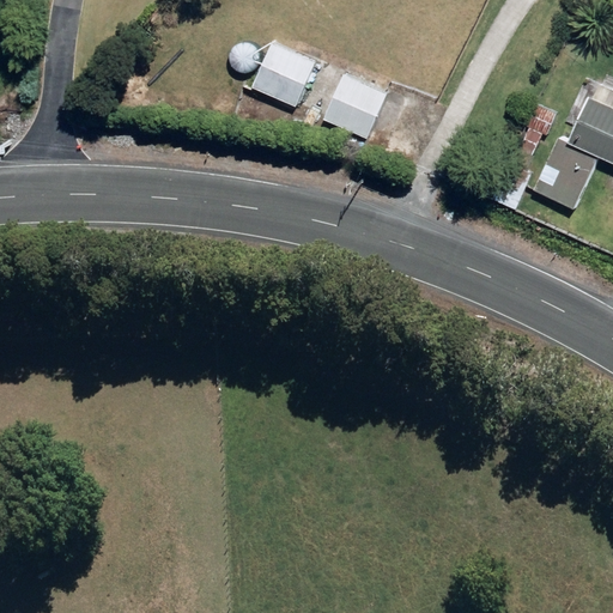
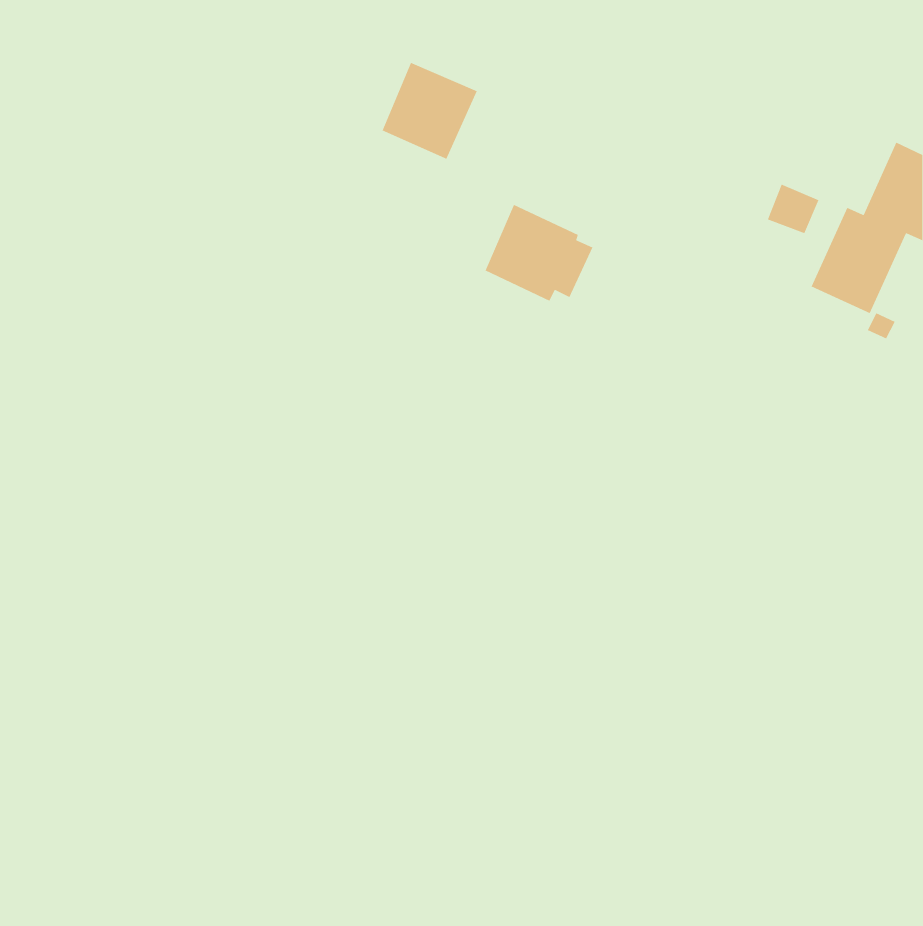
building: [323,74,395,139] -> [484,204,593,302]

